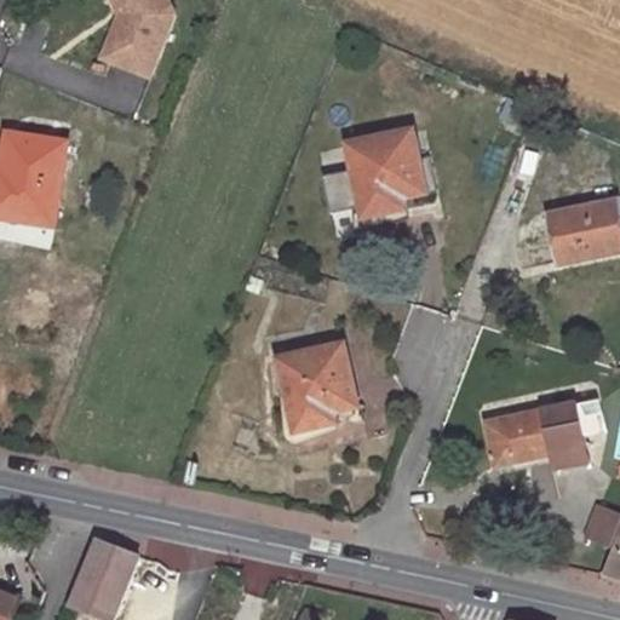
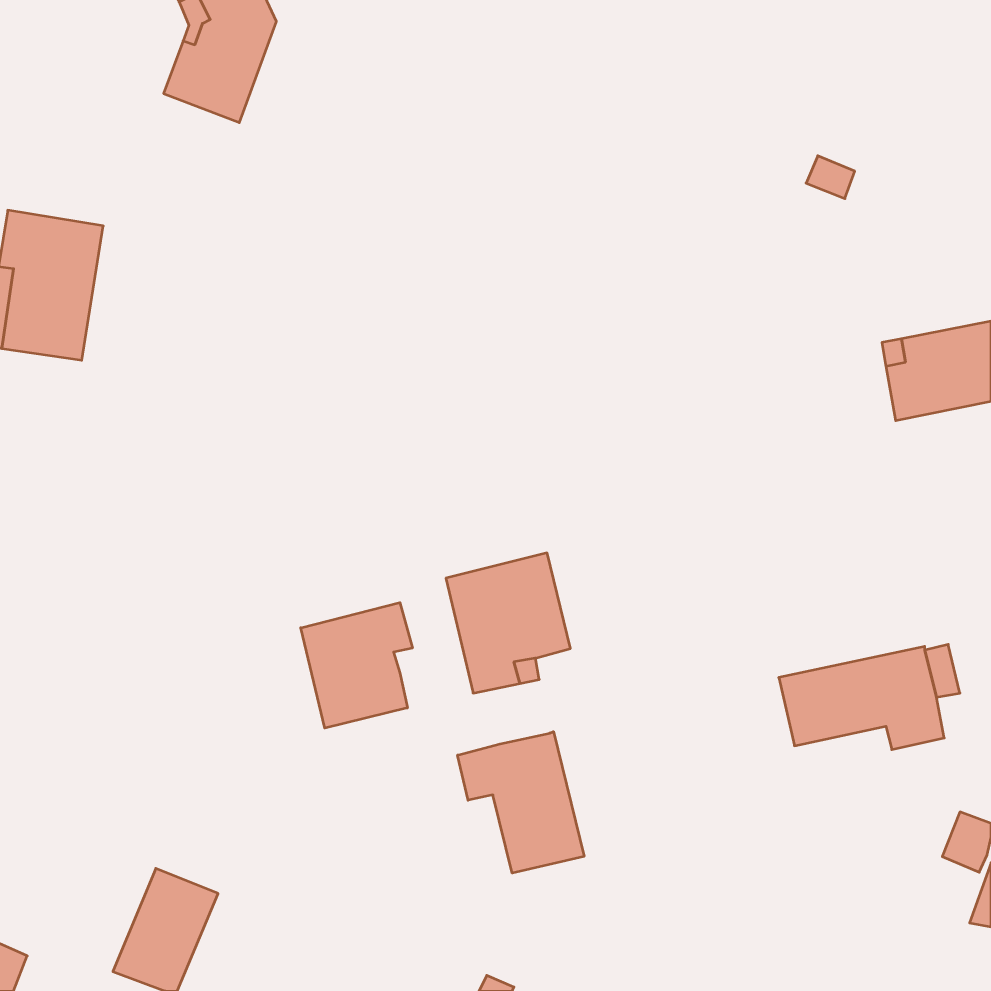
building: [322,130,436,217] -> none
building: none -> [301,603,412,728]
building: none -> [458,732,584,873]

